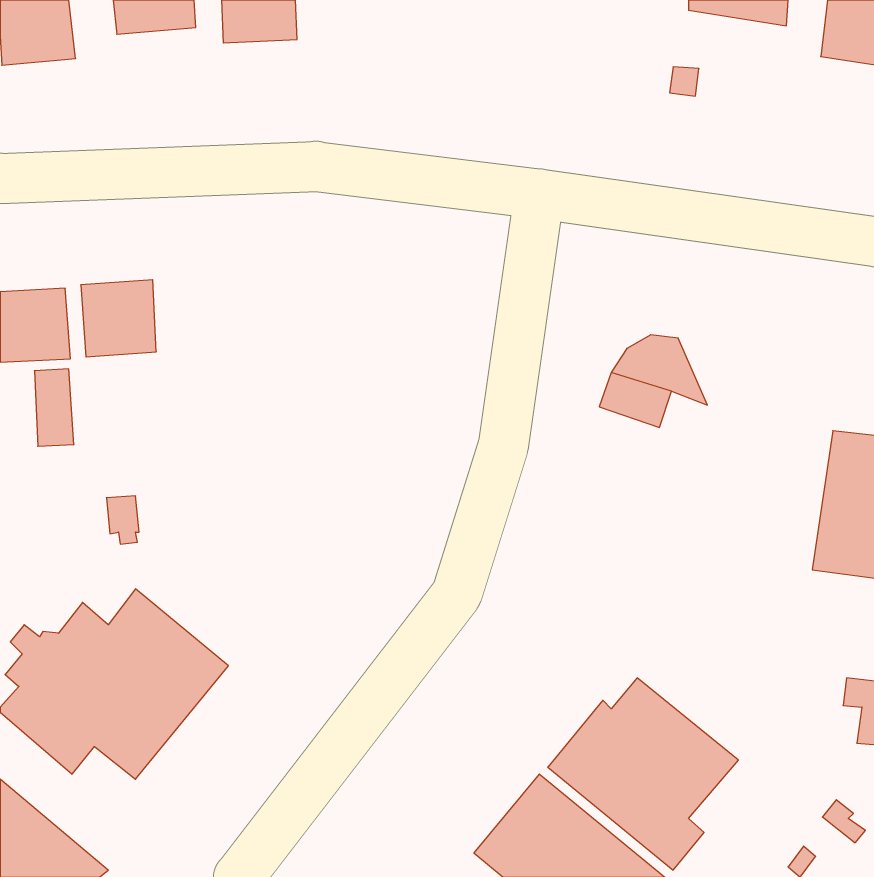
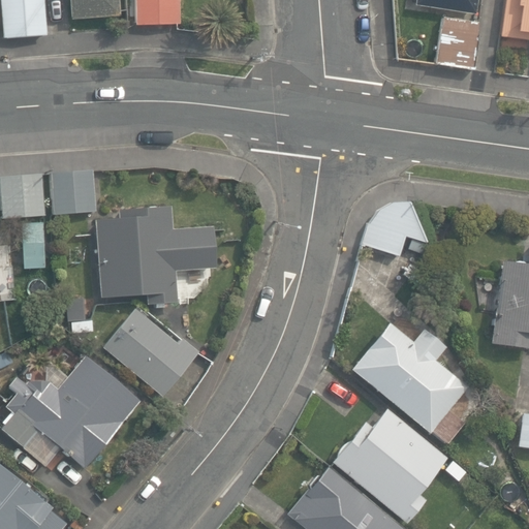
building: none -> [437,17,479,70]
building: none -> [96,208,218,305]
building: none -> [102,307,199,397]
building: none -> [349,322,466,443]

